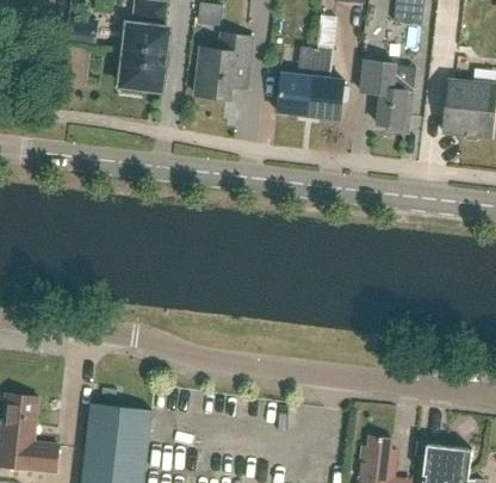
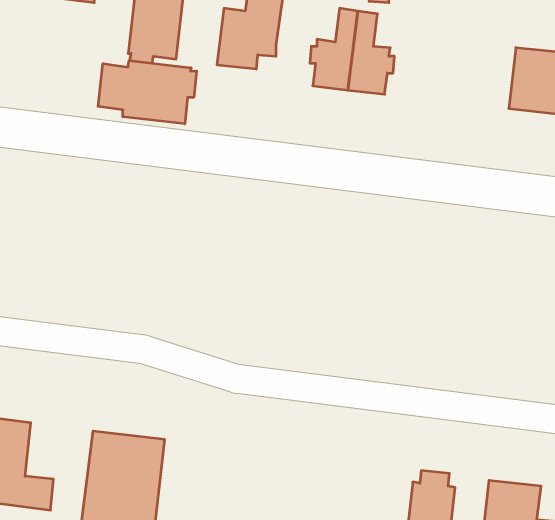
building: [359,61,414,135] -> none
building: none -> [98,61,197,124]

